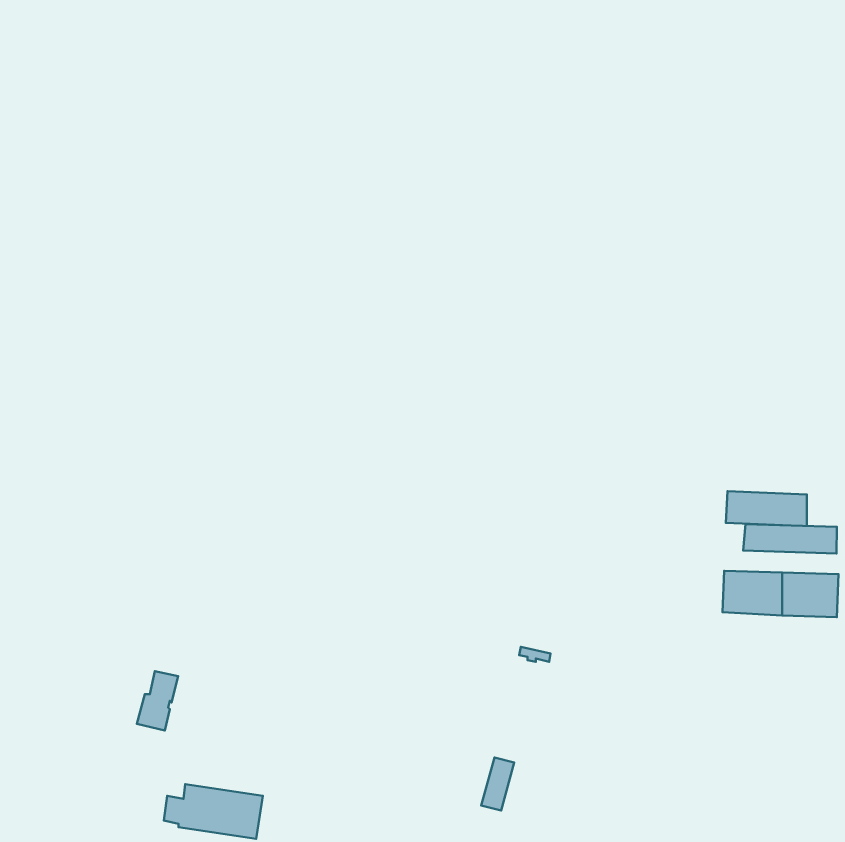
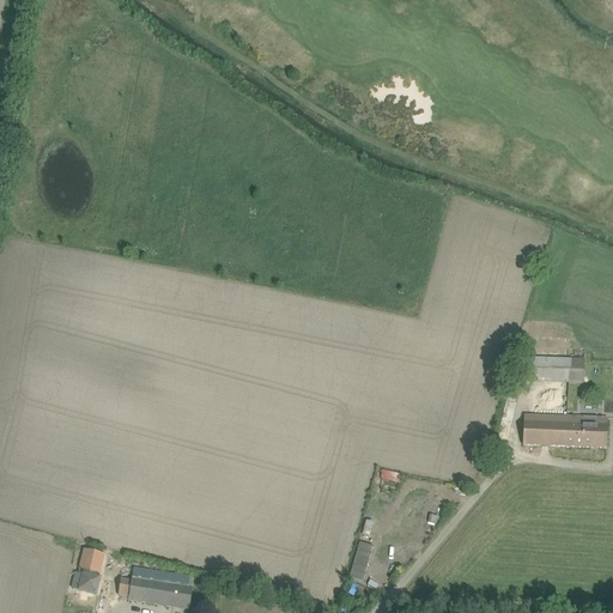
building: [743,524,837,553] -> none
building: [137,671,178,731] -> [74,550,104,593]

